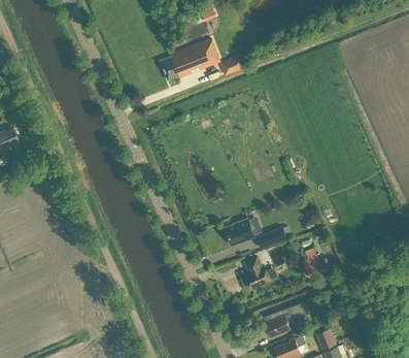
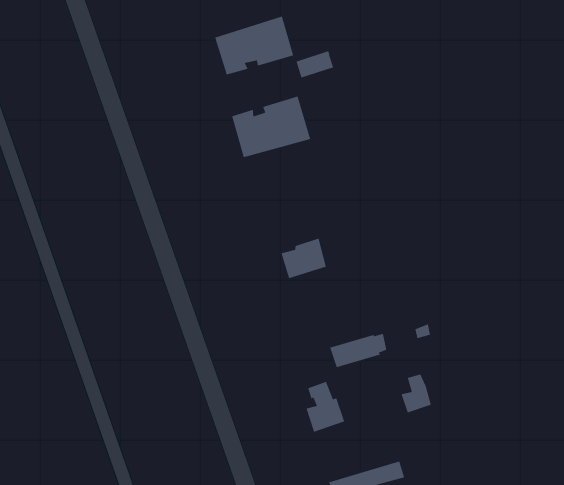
building: none -> [231,95,311,158]
building: [225,218,253,245] -> [280,237,327,279]

